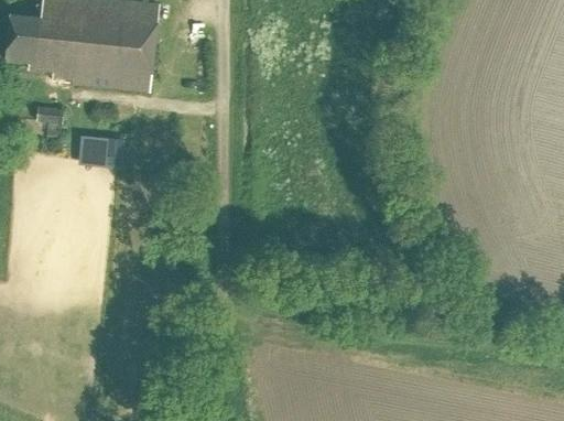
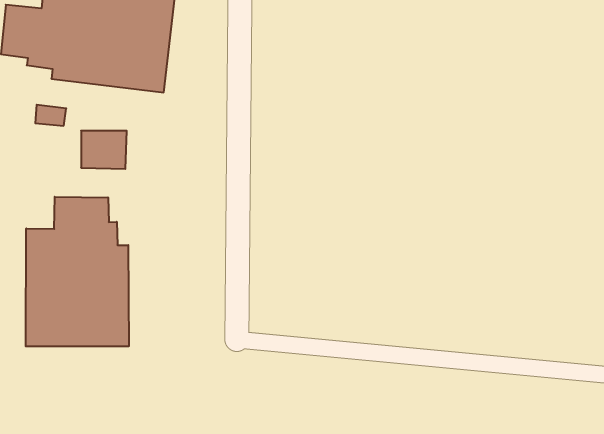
building: none -> [26,197,129,346]

